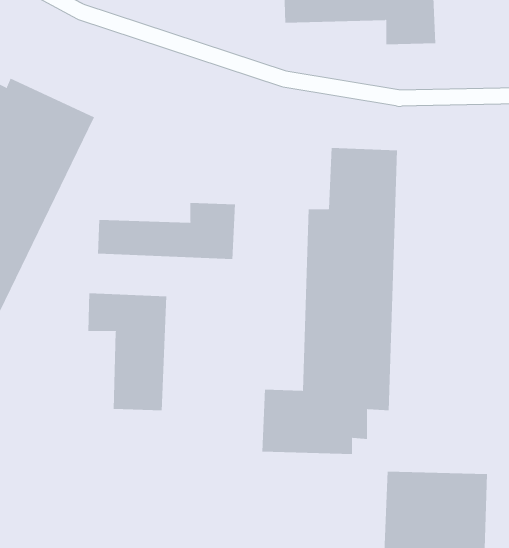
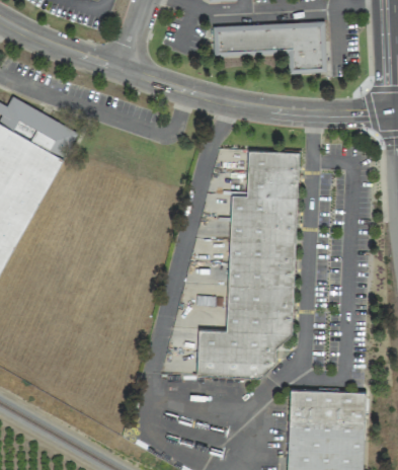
building: [97,202,235,260] -> none
building: [88,293,167,411] -> none

